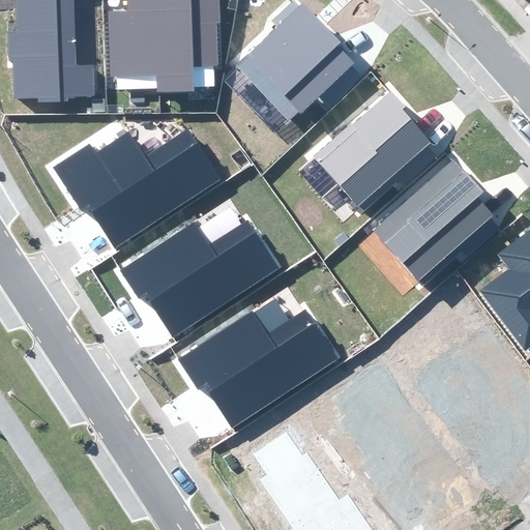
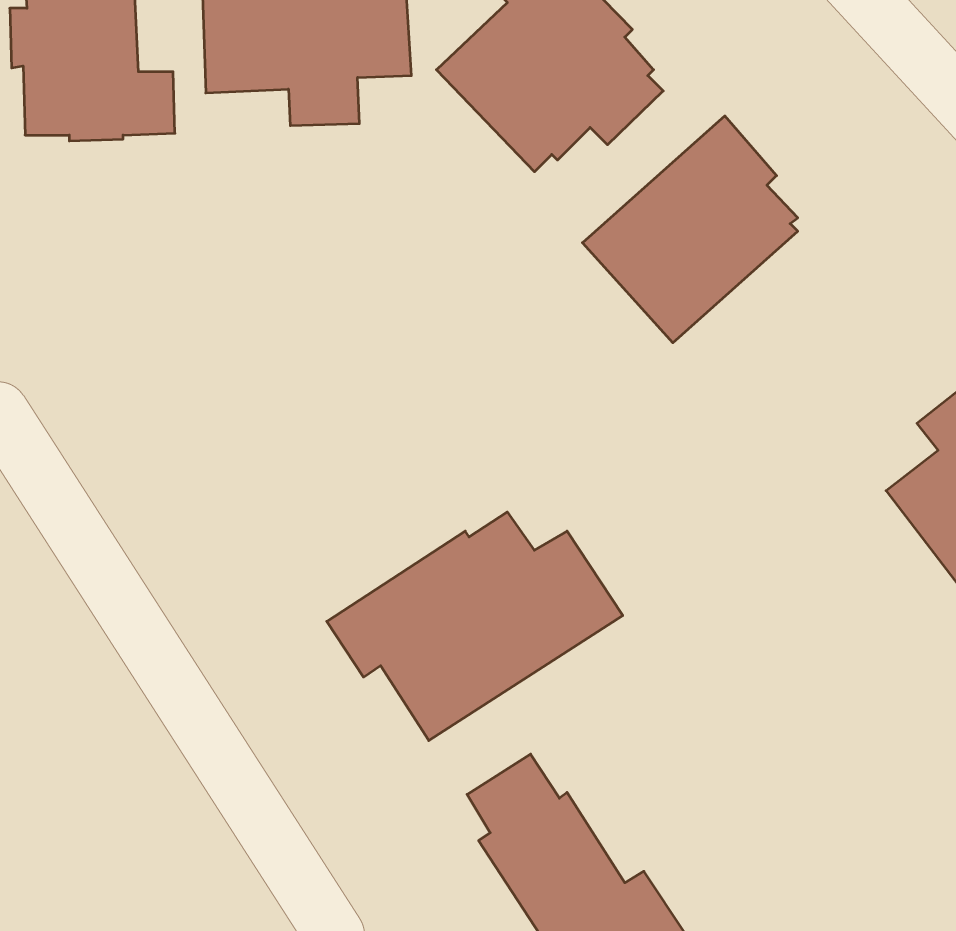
building: [53,129,218,245] -> none
building: [373,158,493,282] -> none
building: [120,219,277,332] -> none

